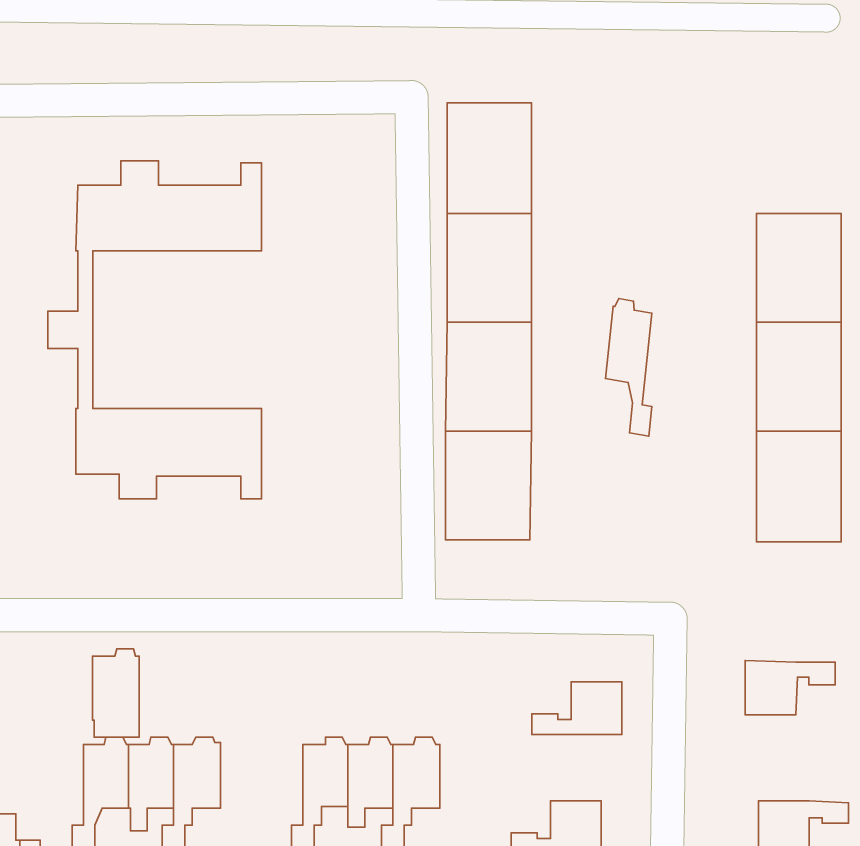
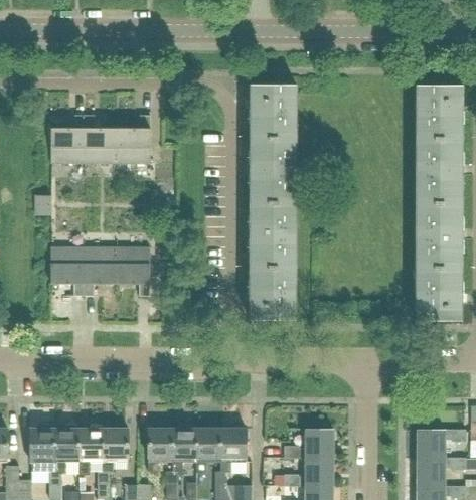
building: none -> [417,85,462,144]
building: [606,299,652,436] -> none
building: [92,649,139,737] -> [30,425,55,472]
building: [745,660,835,715] -> [418,430,466,459]
building: [532,682,622,734] -> [285,431,333,459]
building: none -> [148,425,173,472]

